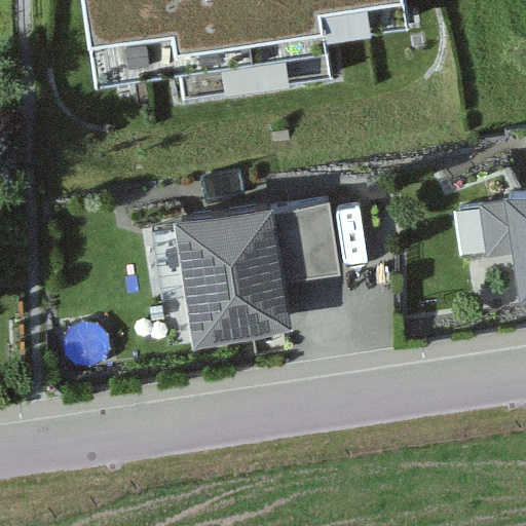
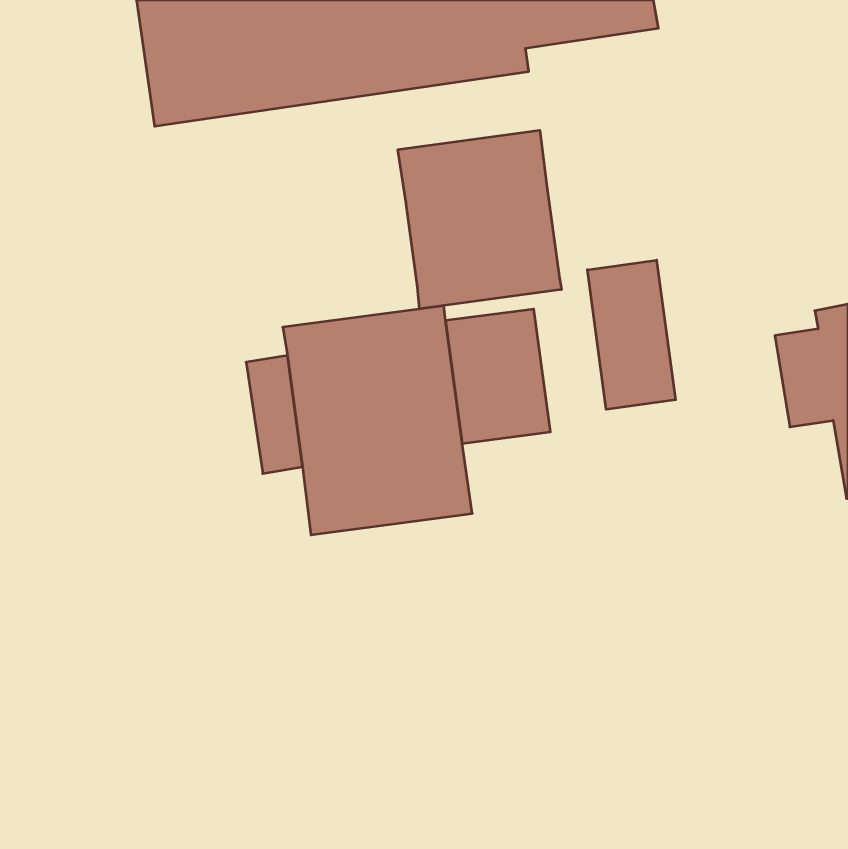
building: none -> [398,130,561,309]
building: none -> [587,260,676,409]

